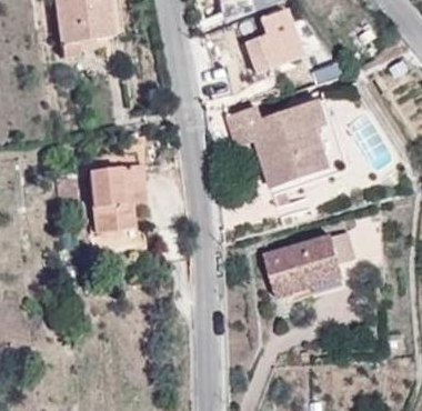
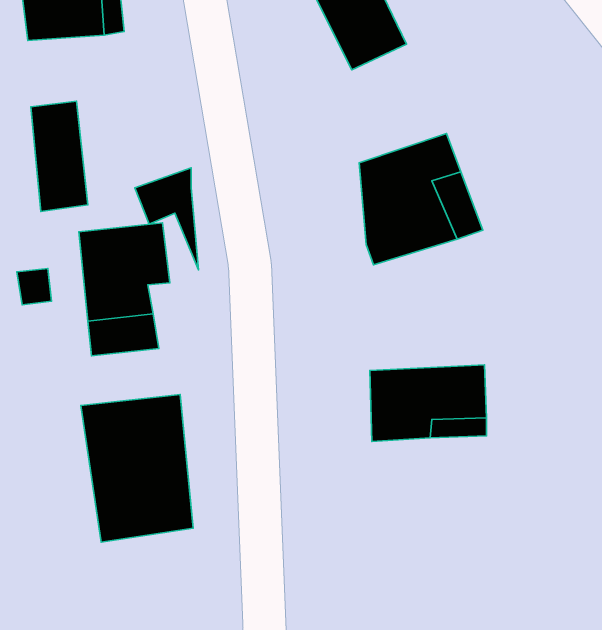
building: none -> [31,101,88,212]
building: [228,108,267,170] -> [135,168,198,270]
building: none -> [81,395,193,542]

